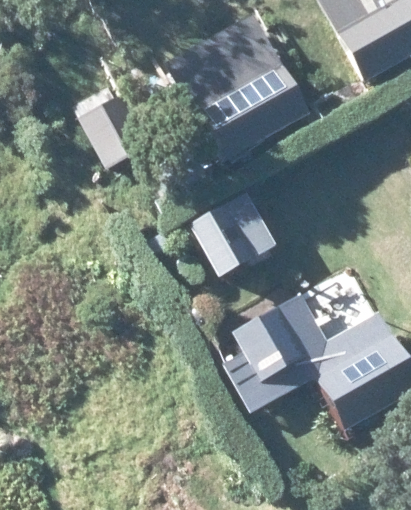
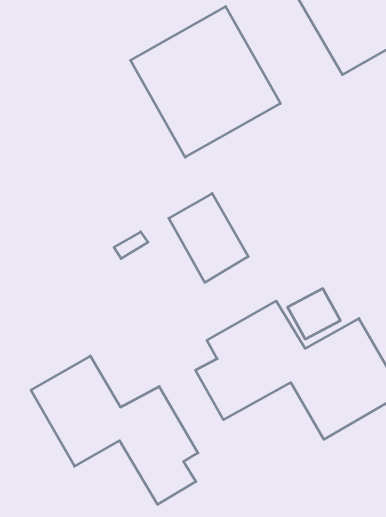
building: none -> [31,356,198,504]

